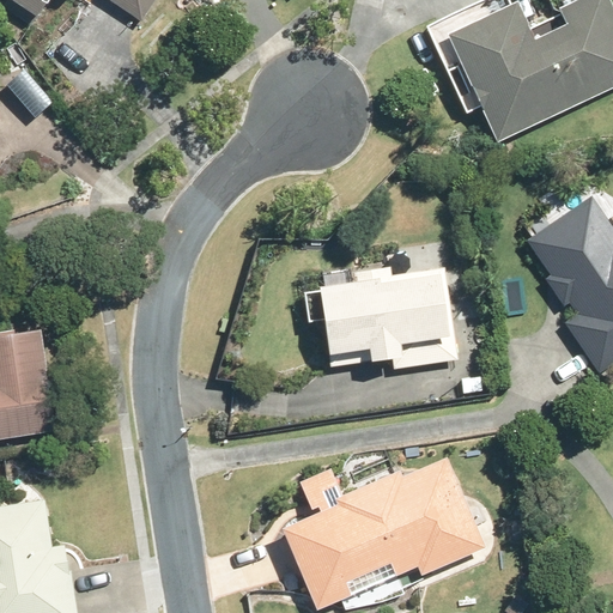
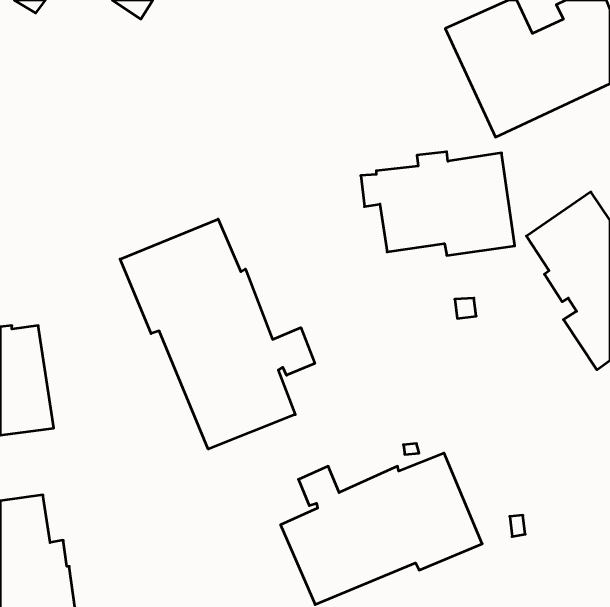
building: none -> [120,219,315,449]
building: [303,266,457,370] -> [361,152,515,255]

